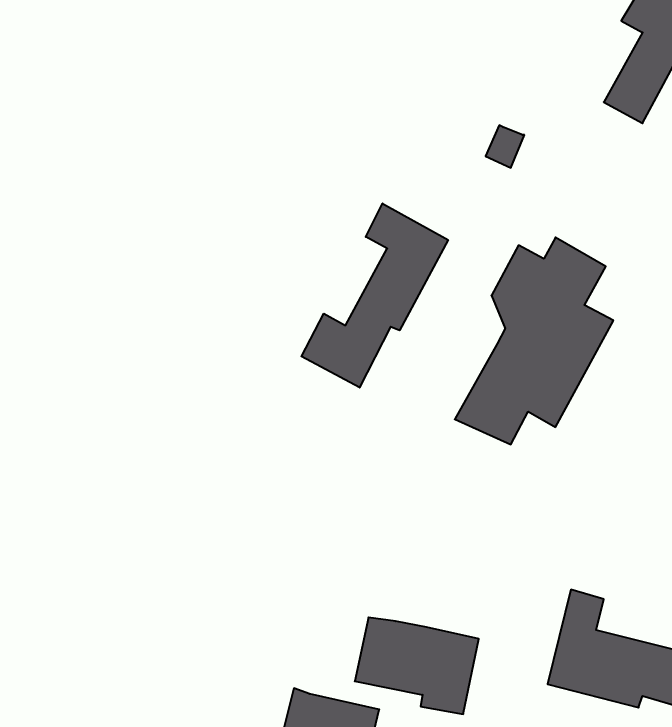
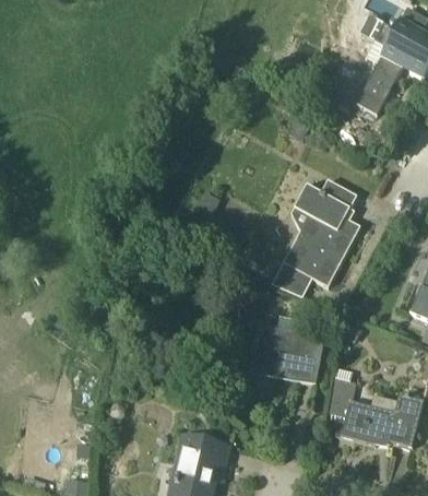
building: [301,203,448,388] -> none
building: [355,617,479,714] -> [253,327,323,381]

